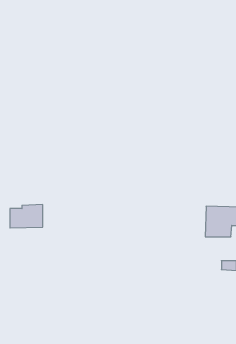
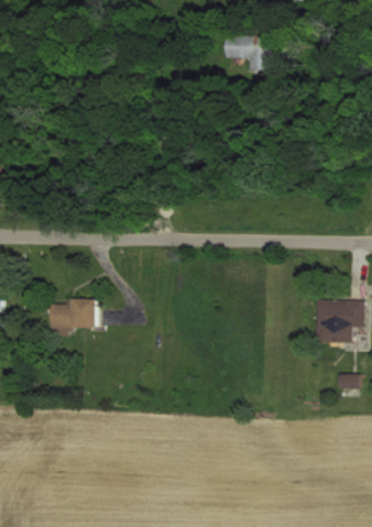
building: none -> [225,34,271,69]

